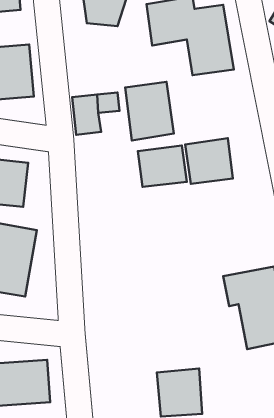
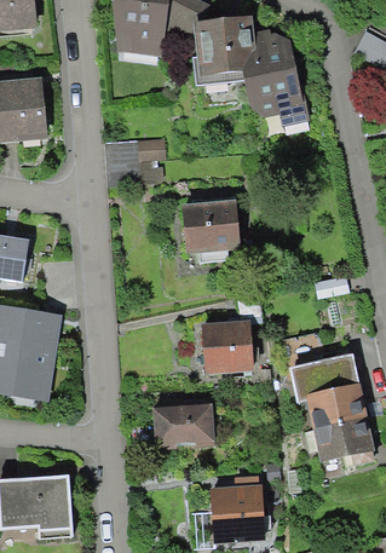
building: [125,82,174,140] -> none
building: [185,138,233,184] -> none
building: none -> [201,319,252,373]
building: none -> [155,403,219,448]

